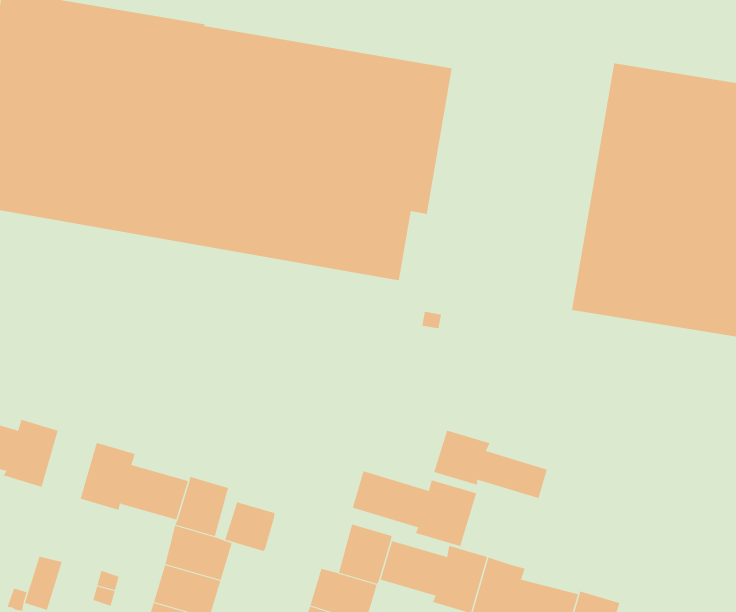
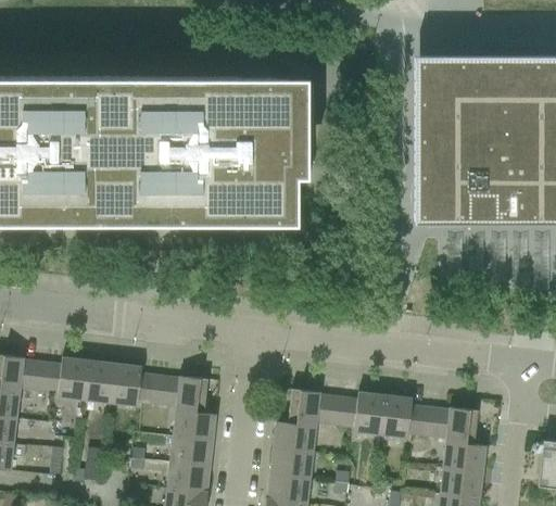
building: [433,430,548,499] -> none
building: none -> [85,362,115,404]
building: [352,471,477,547] -> none
building: [225,501,275,552] -> none

